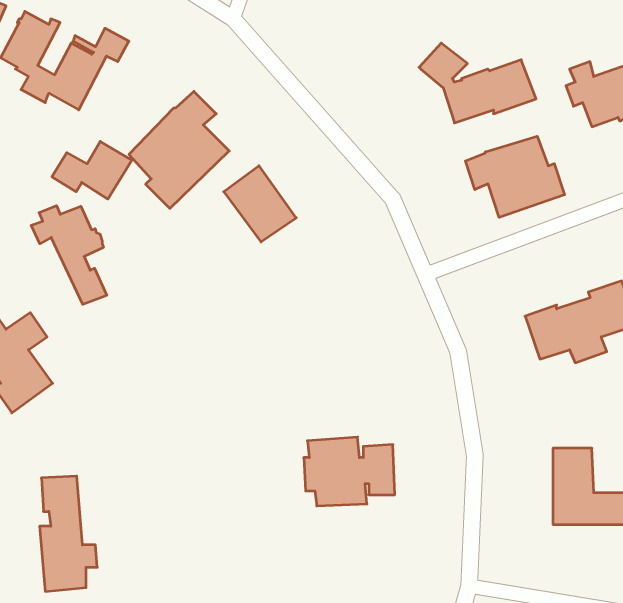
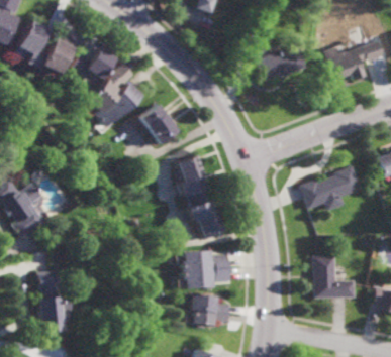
building: [465,136,565,217] -> none
building: [52,141,132,199] -> [72,46,115,78]
building: [31,206,107,304] -> none
building: none -> [175,154,224,238]
building: none -> [192,292,232,325]

